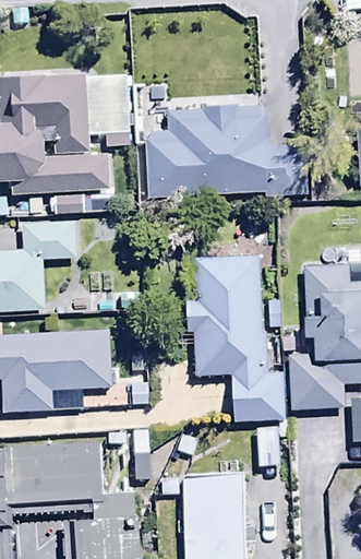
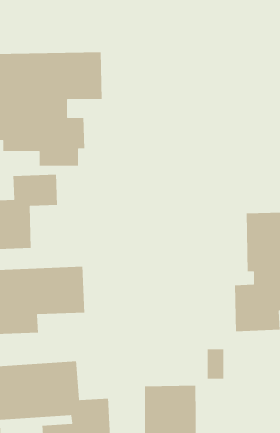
building: [145,104,306,197] -> none
building: [185,255,286,421] -> none

